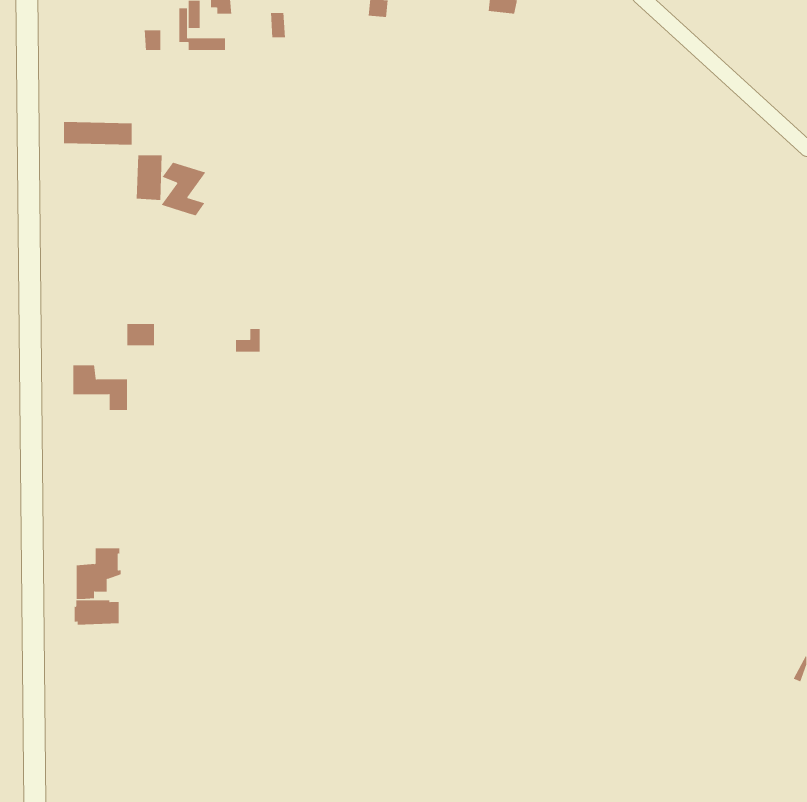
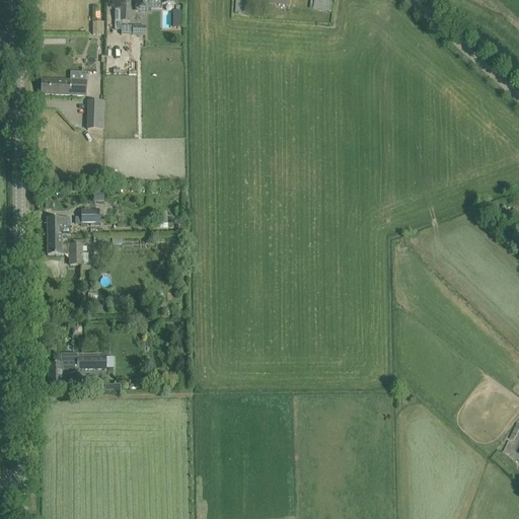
building: [161,162,206,216] -> none
building: none -> [47,216,70,234]
building: [74,600,120,625] -> [76,352,105,368]

